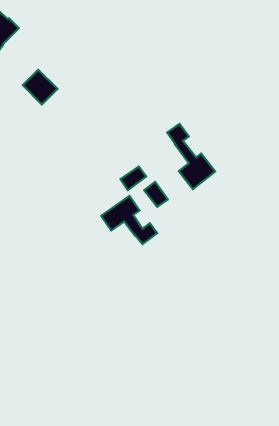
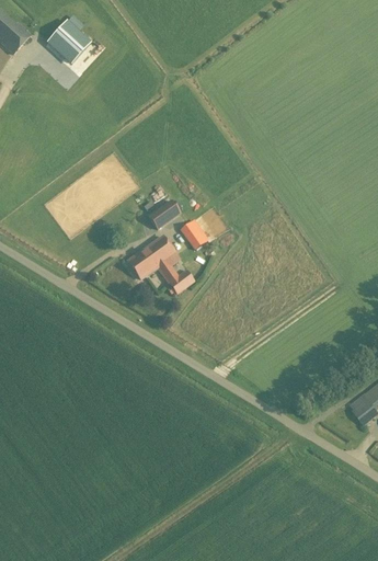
building: [23,70,57,104] -> [45,22,87,64]
building: [167,124,215,189] -> none

